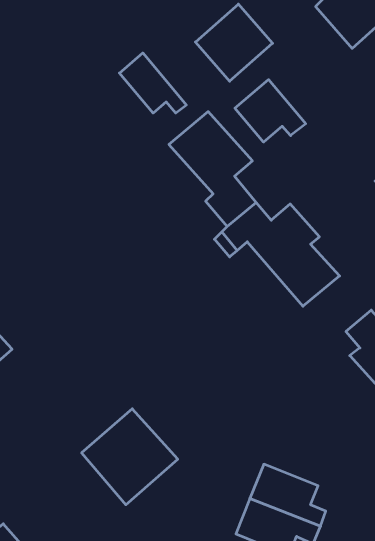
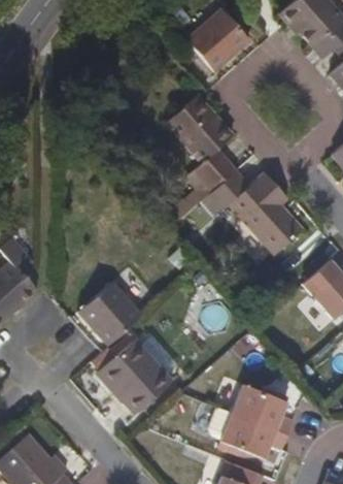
building: [119,53,186,113] -> none
building: [235,80,306,142] -> none
building: none -> [77,281,141,346]

